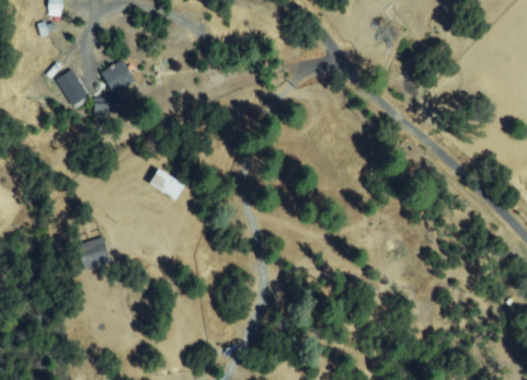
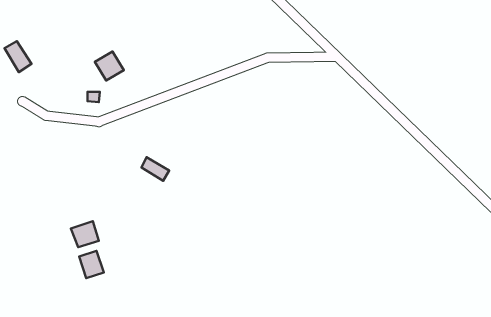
building: [58,71,87,104] -> [4,41,31,72]
building: none -> [79,251,104,278]

